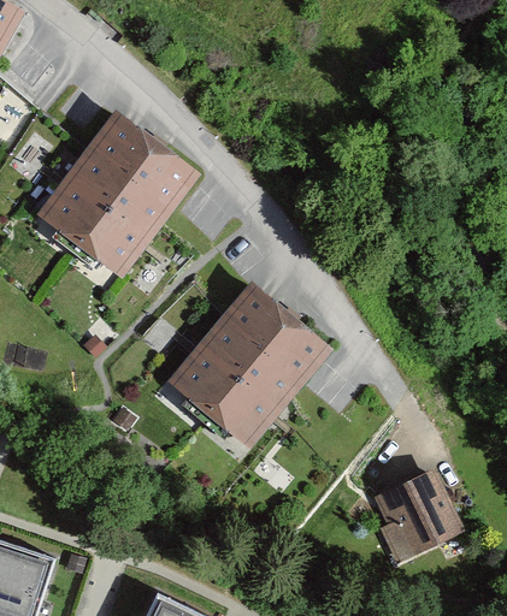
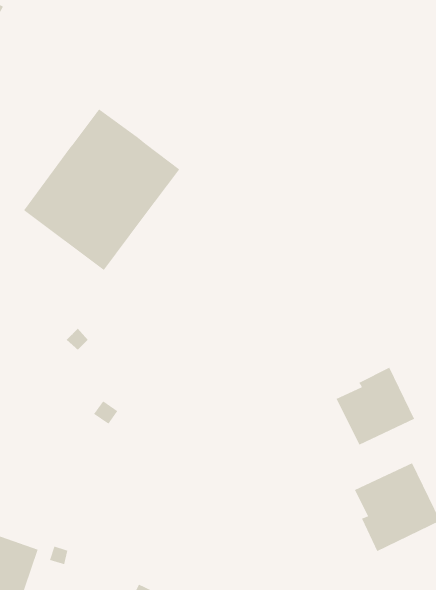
building: [167,285,326,446] -> none
building: none -> [336,367,415,446]

